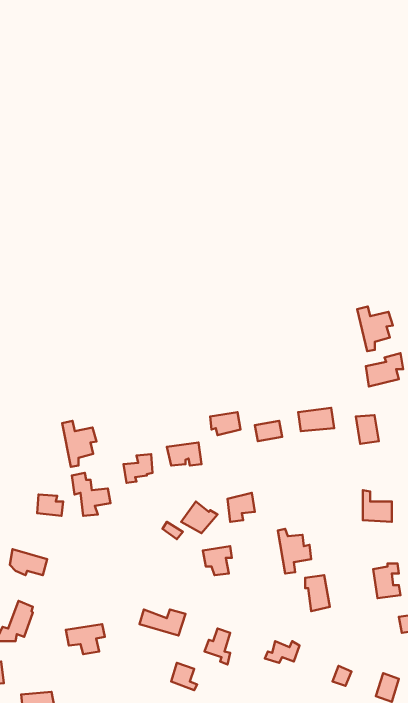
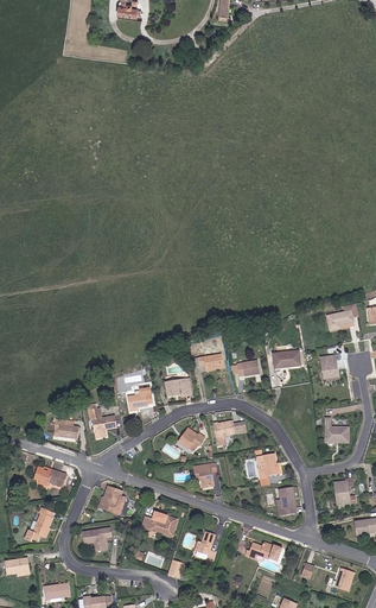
building: [357,306,393,351] -> none
building: [62,421,96,467] -> none
building: none -> [98,486,128,515]

